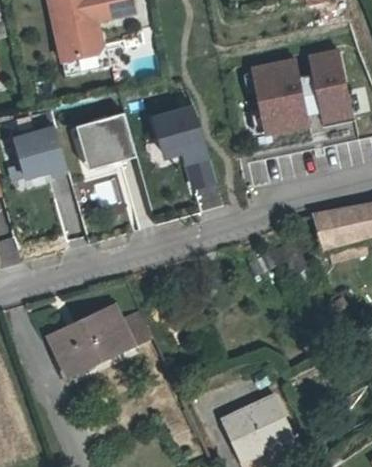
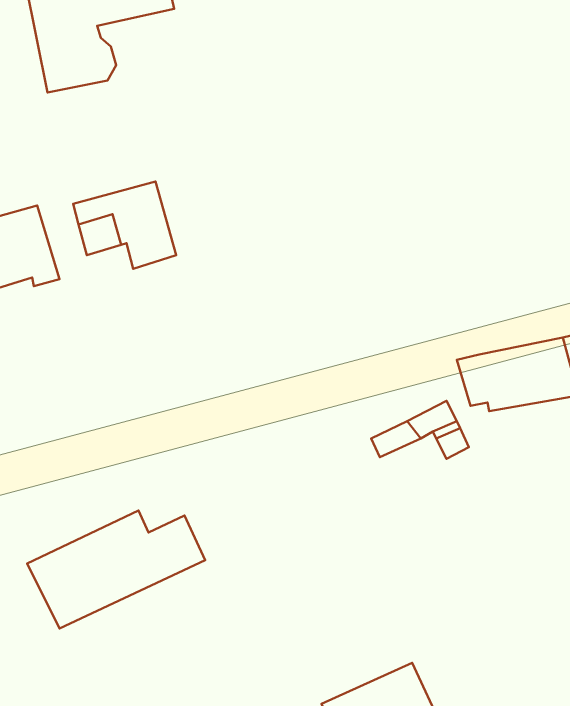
building: [307,50,351,120] -> none
building: [250,59,309,133] -> none
building: [153,107,215,186] -> none

